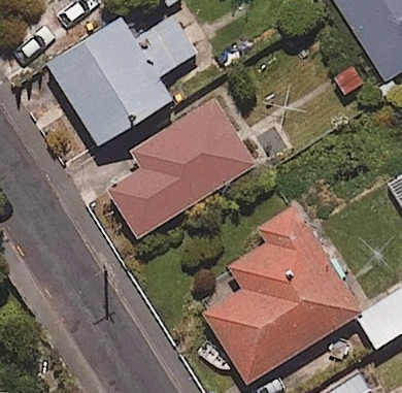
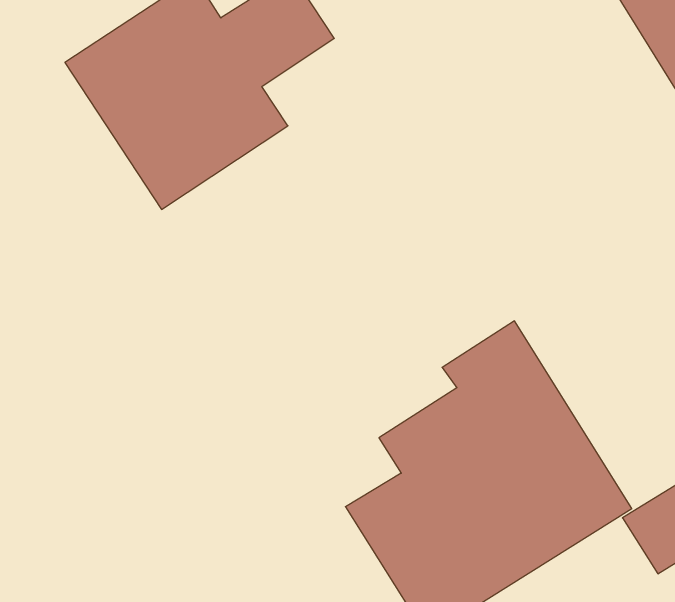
building: [107,100,256,238] -> none

